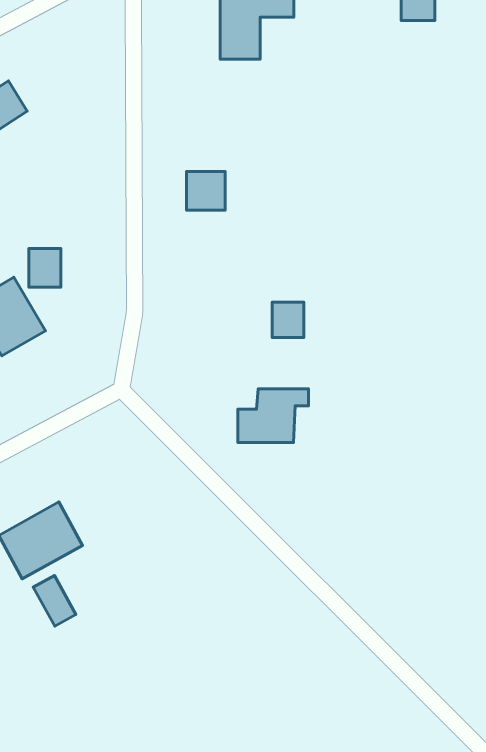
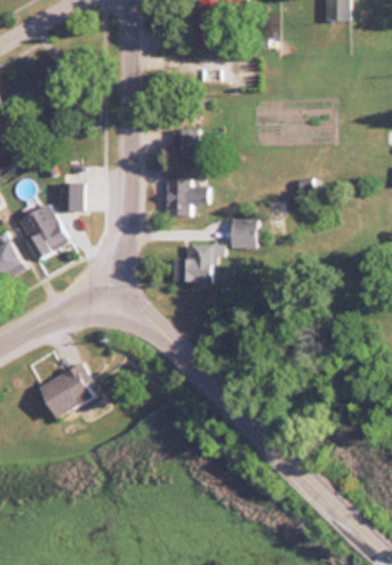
building: none -> [167,179,207,213]
building: [238,389,308,443] -> [174,245,225,283]
building: [33,575,76,626] -> none

